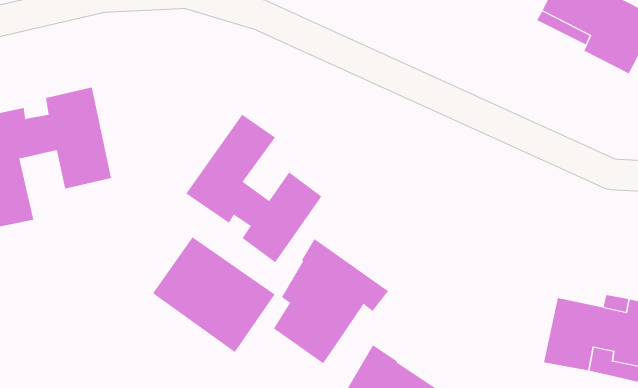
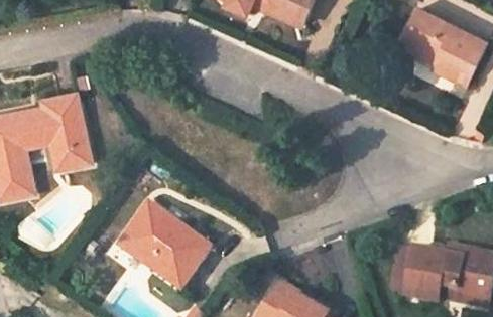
building: [185,114,322,263] -> none
building: [273,238,389,364] -> none

